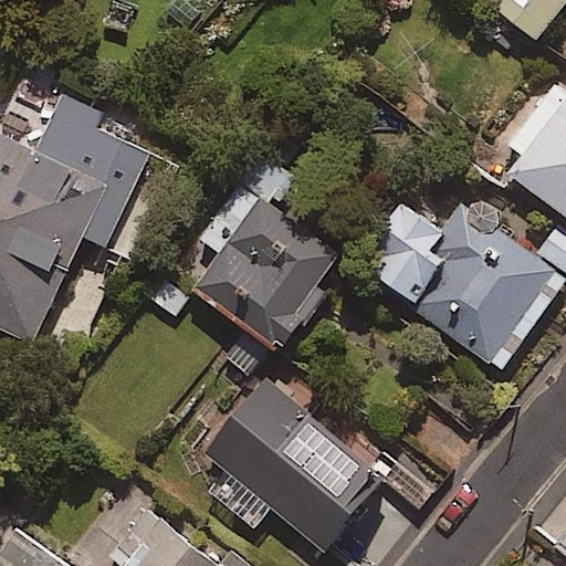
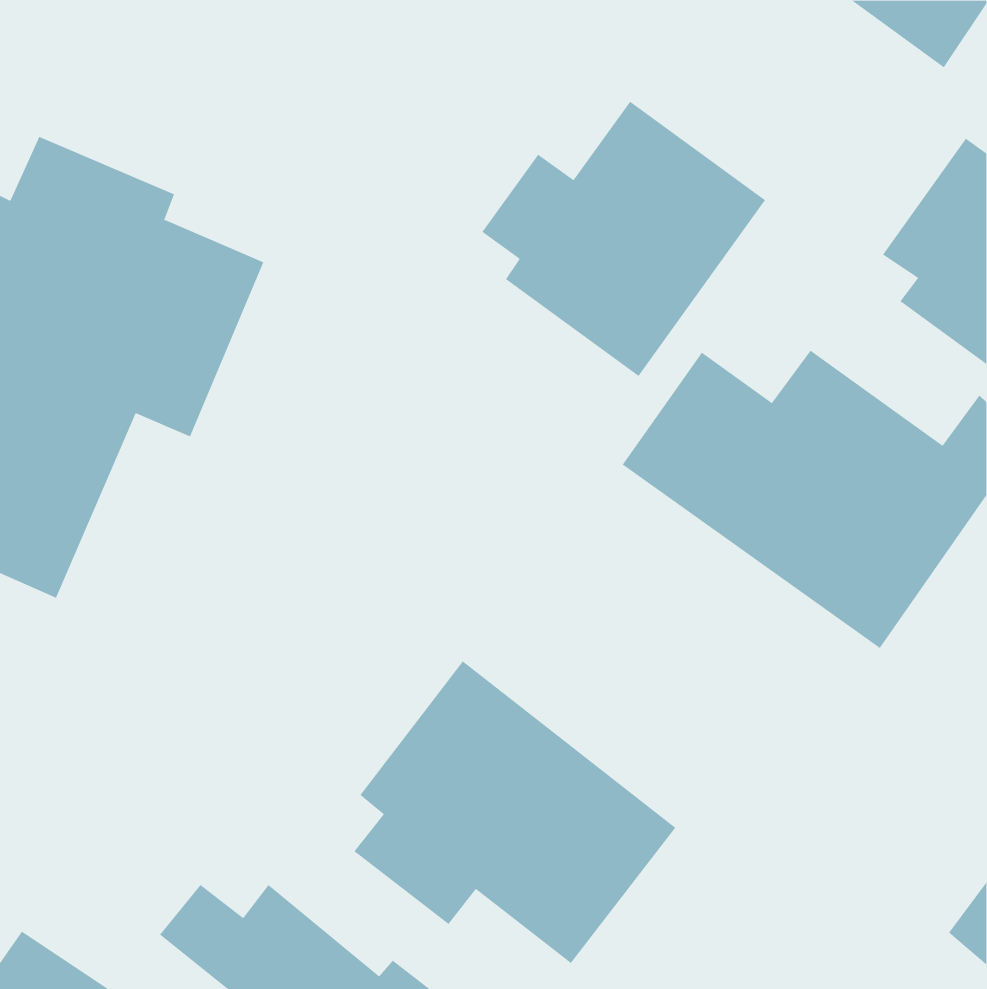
building: none -> [481,101,766,377]
building: [195,158,348,353] -> none

